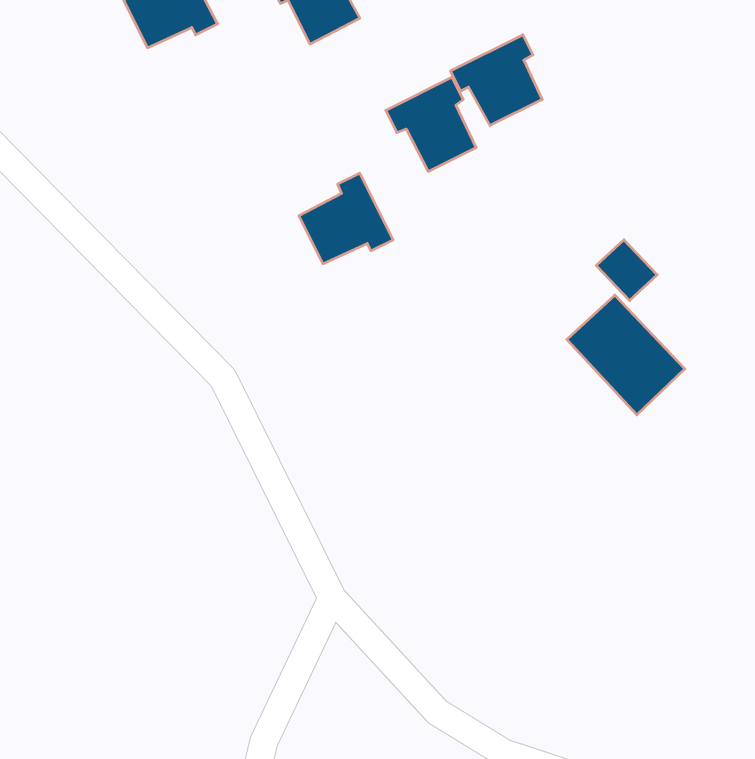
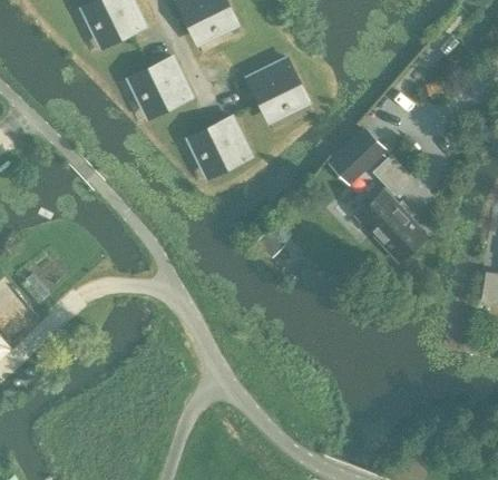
building: [451,35,542,126] -> none
building: none -> [135,58,192,111]
building: none -> [330,131,384,179]

